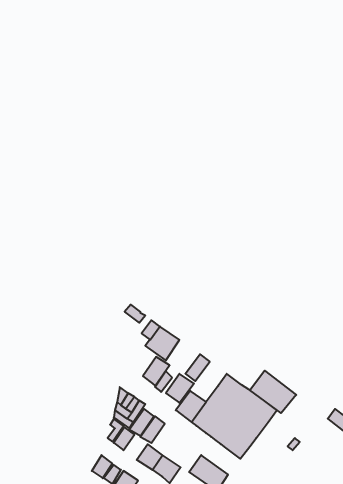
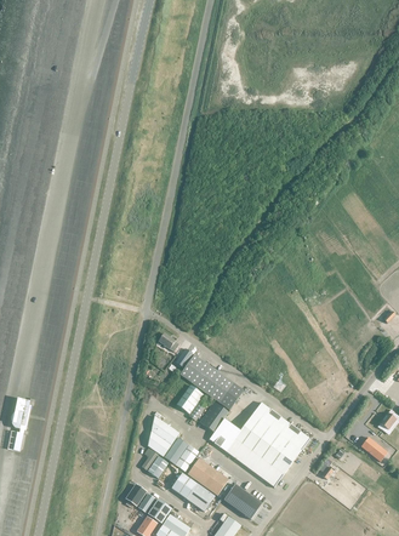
building: none -> [200,369,234,403]
building: [250,371,296,413] -> none
building: none -> [188,458,229,496]

